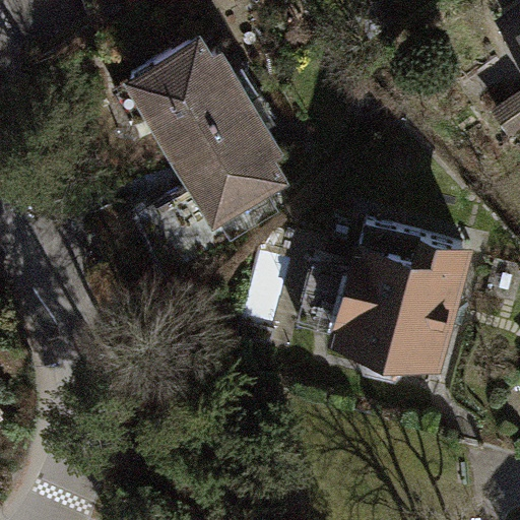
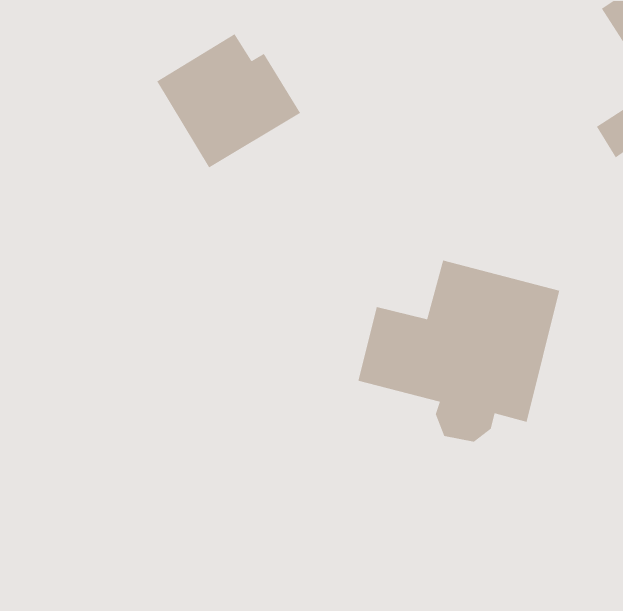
building: [177,108,285,224] -> none

